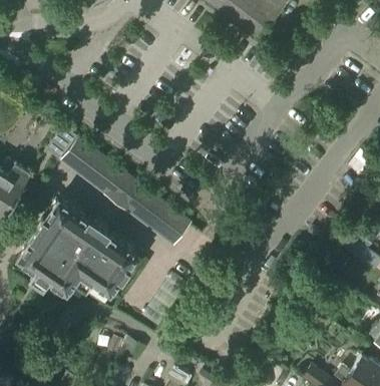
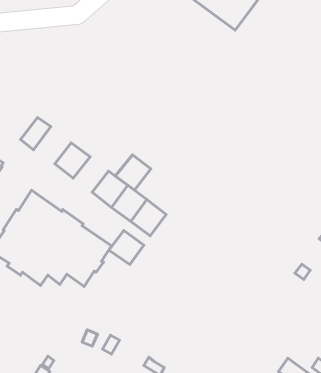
building: [62,138,97,174] -> none
building: [99,167,134,203] -> [115,155,151,190]
building: none -> [109,230,144,265]

